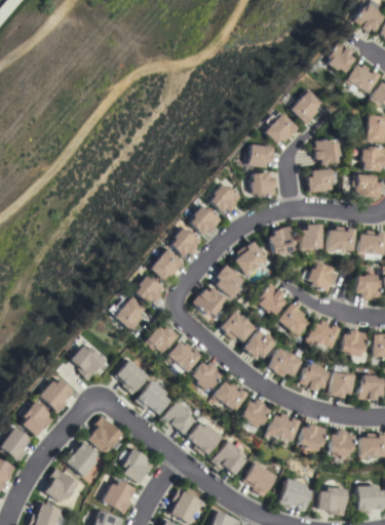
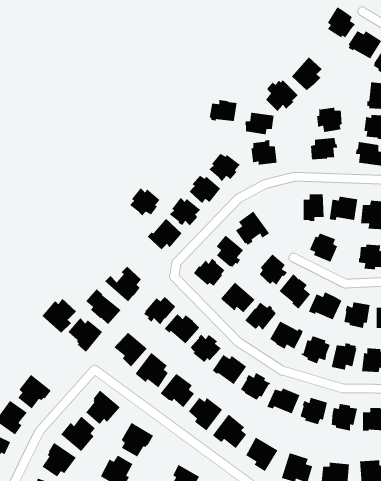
building: none -> [209,99,237,122]
building: [269,226,296,254] -> none
building: [132,276,163,305] -> [129,187,160,217]
building: none -> [85,288,121,325]
building: [38,378,73,413] -> [41,298,77,334]

